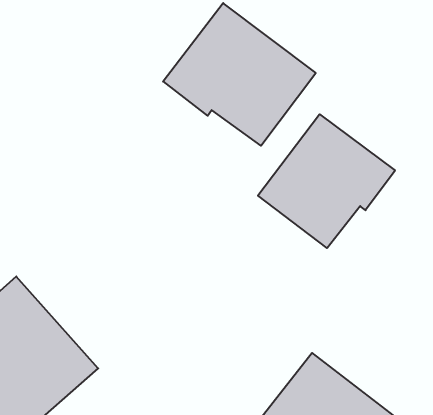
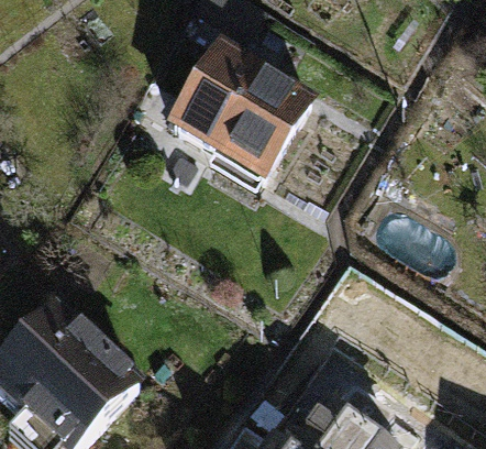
building: [258,114,395,248] -> none

